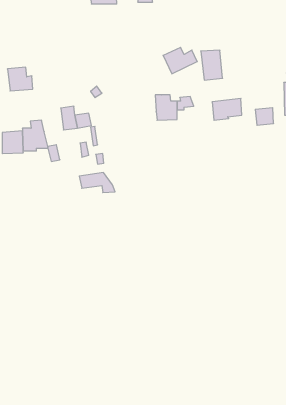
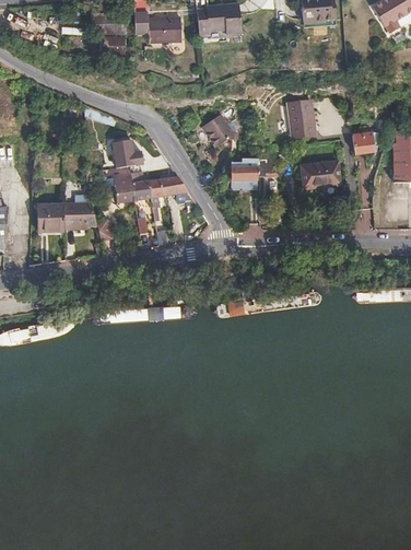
building: [163,47,197,74] -> [200,113,243,145]
building: [7,67,33,91] -> [107,137,139,166]
building: [255,108,274,125] -> [353,131,376,153]
building: [79,173,115,193] -> [148,175,192,200]

